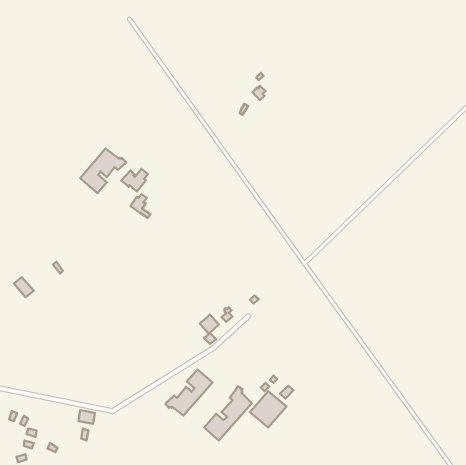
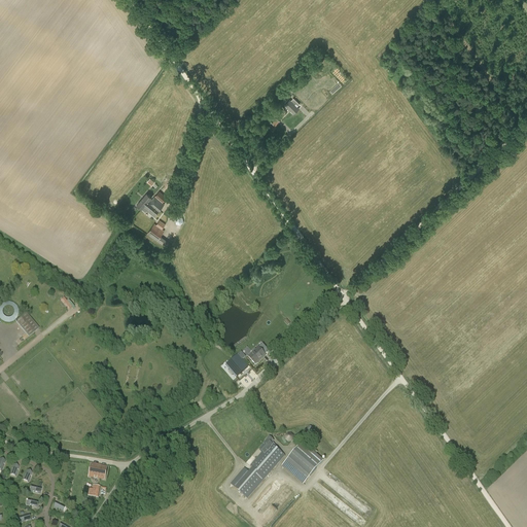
building: [80,148,126,193] -> none
building: [165,370,212,416] -> none

